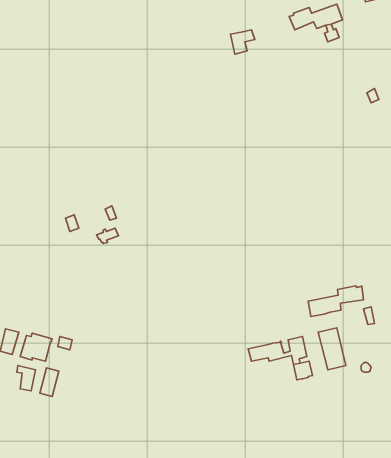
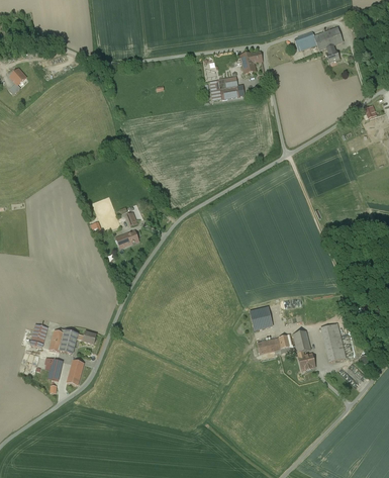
building: none -> [209,77,245,100]
building: [308,286,363,316] -> none
building: none -> [250,306,272,329]

